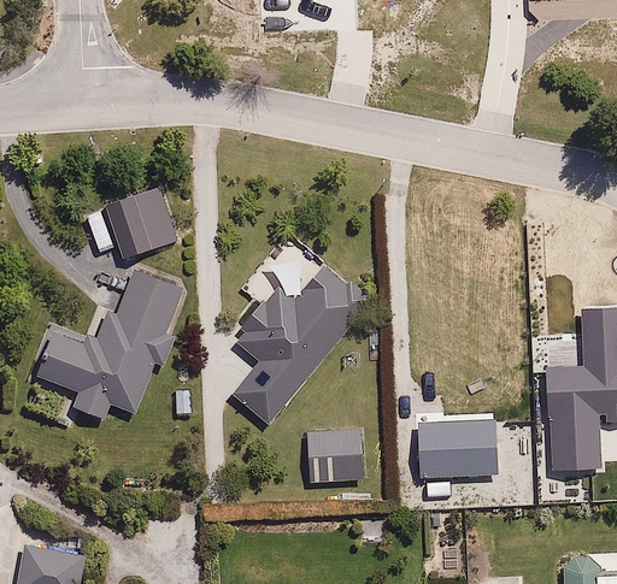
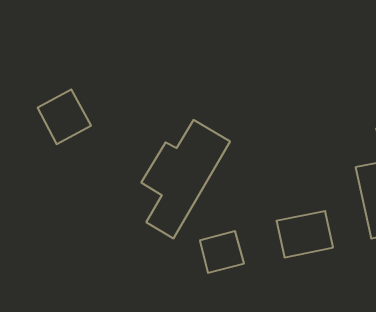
building: [34,265,186,418] -> none

